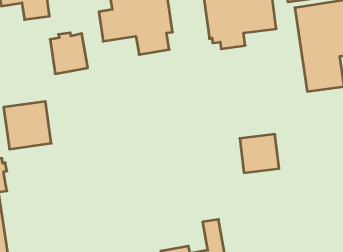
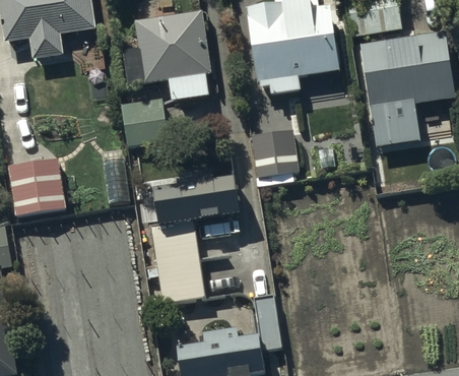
building: [50,33,88,74] -> [122,98,168,147]
building: none -> [151,168,242,304]
building: [240,134,279,173] -> [252,131,300,178]

